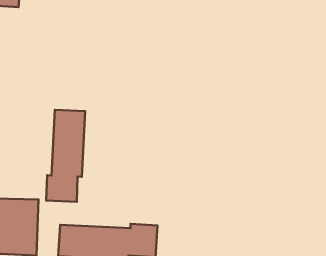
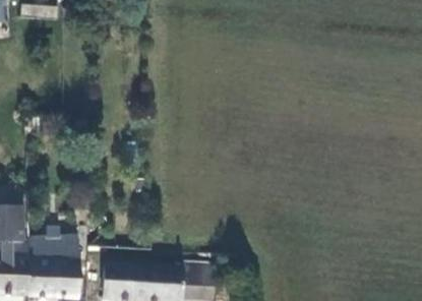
building: [46,110,85,202] -> none

